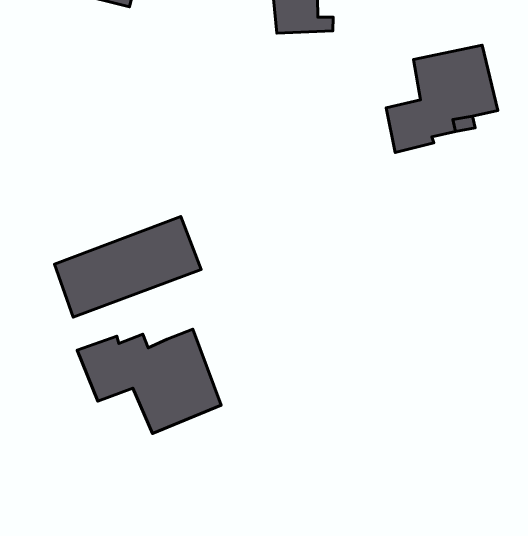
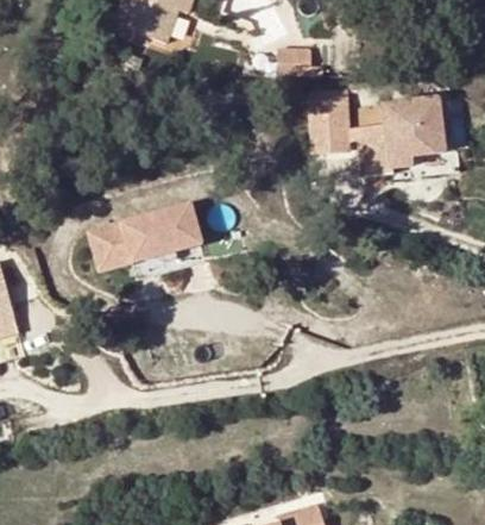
building: none -> [309,100,348,149]
building: [77,329,221,433] -> none

